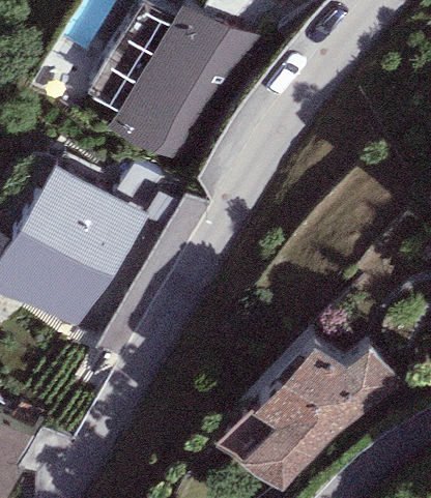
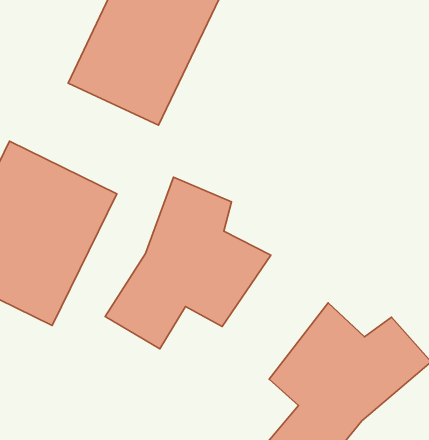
building: none -> [105,177,271,349]

